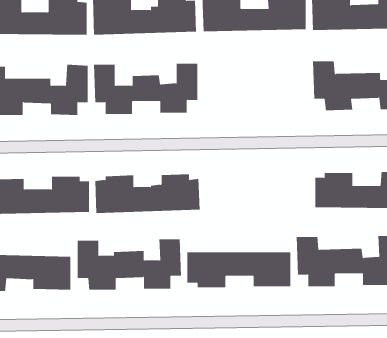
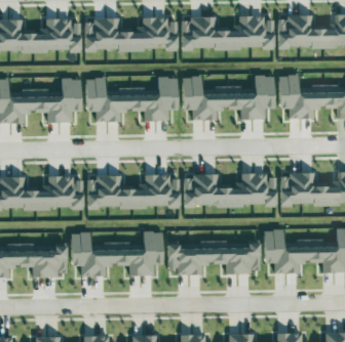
building: none -> [183,75,274,120]
building: none -> [184,174,276,207]

